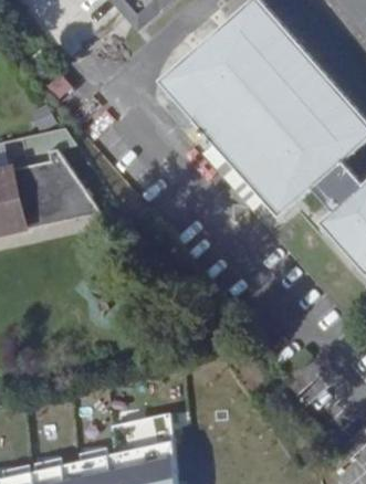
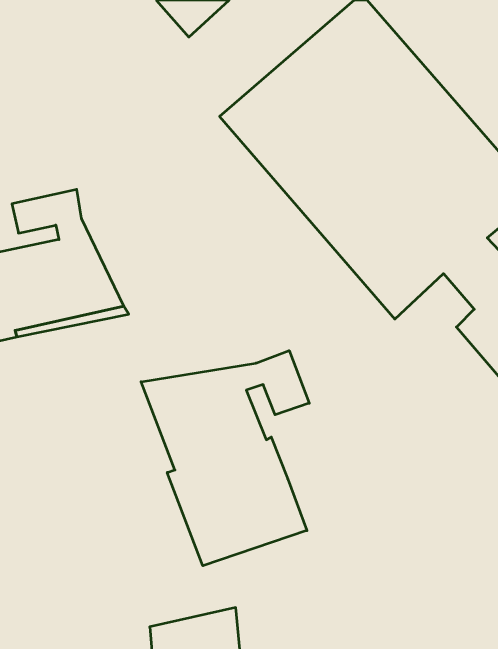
building: none -> [141,351,309,566]

